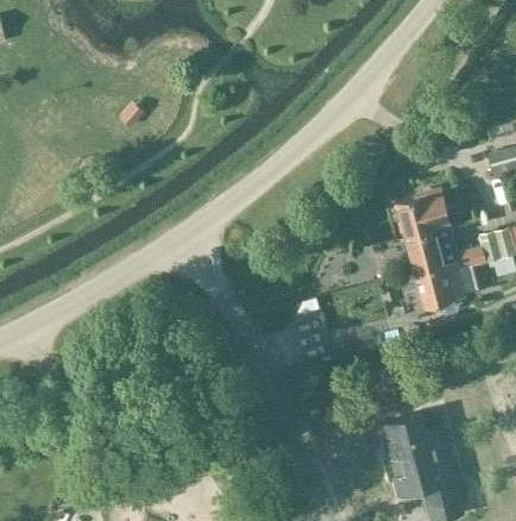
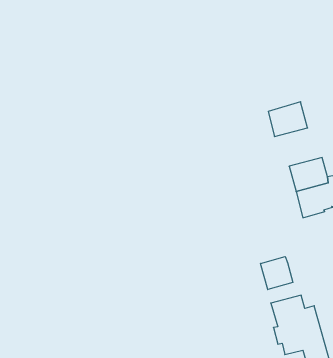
building: [397,192,451,239] -> [268,102,308,137]
building: none -> [261,257,293,290]

